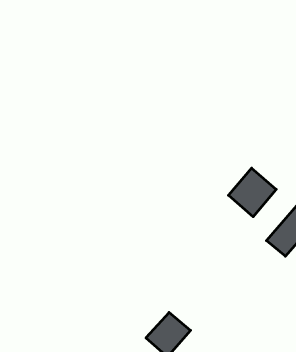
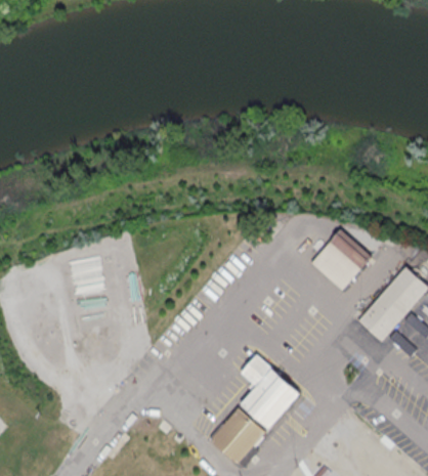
building: none -> [242,355,300,428]

